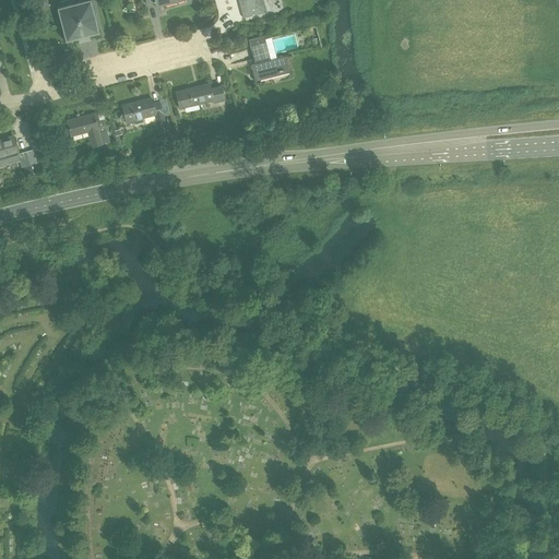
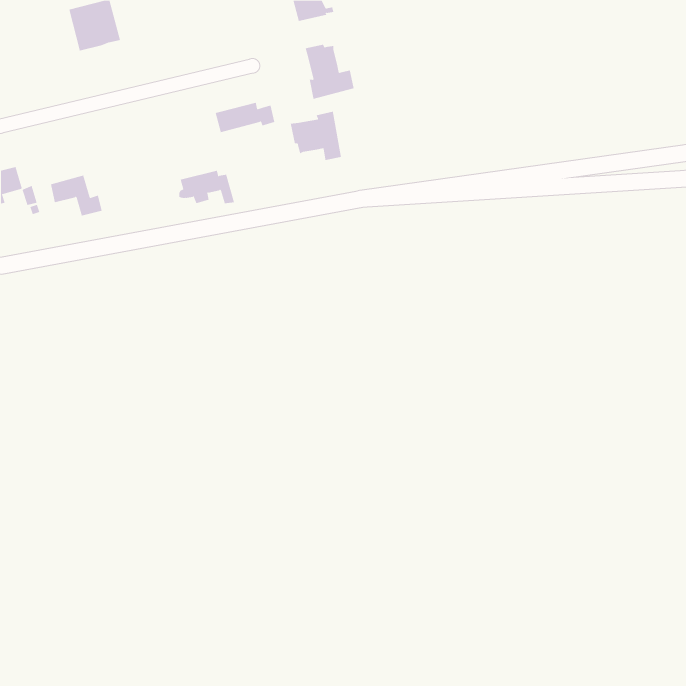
building: none -> [290,111,342,161]
building: [120,98,166,126] -> [178,170,235,204]
building: [67,112,109,146] -> [50,175,103,216]

